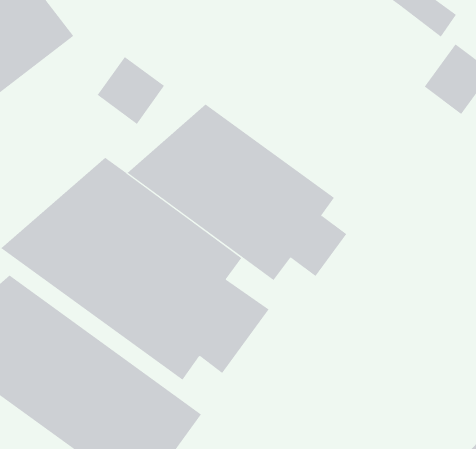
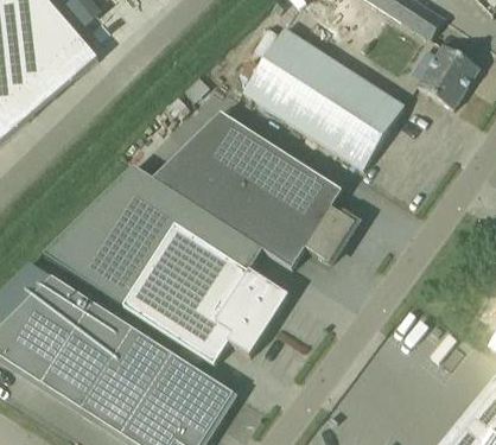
building: none -> [241,26,402,167]
building: [97,56,165,125] -> none

